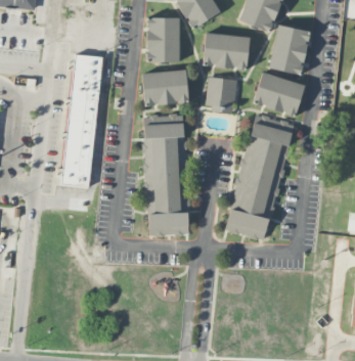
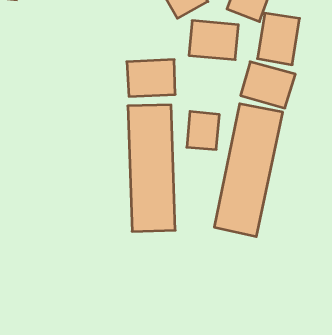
building: [145,17,179,61] -> none
building: [61,53,102,187] -> none
building: [205,76,236,112] -> [187,111,219,149]

